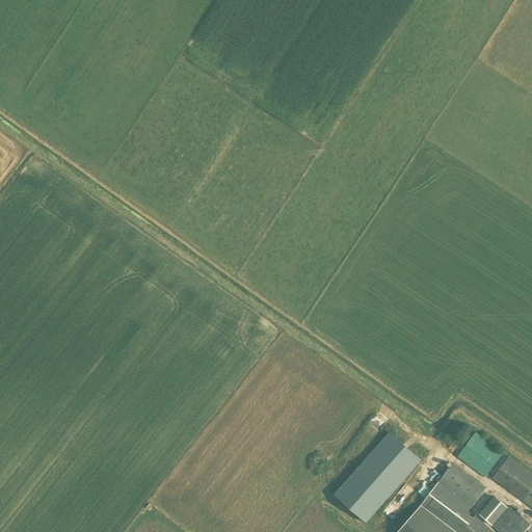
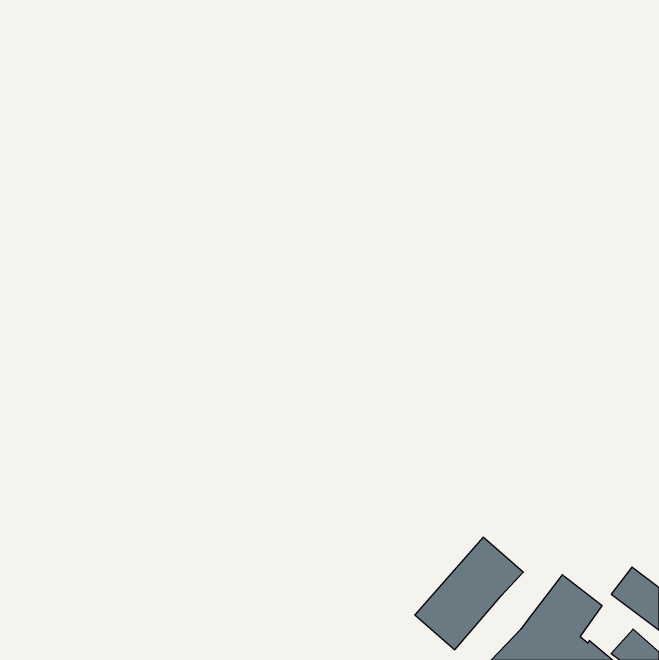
building: [456,432,502,477] -> none
building: [478,496,507,526] -> none

